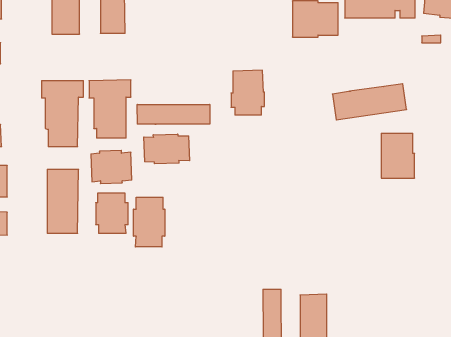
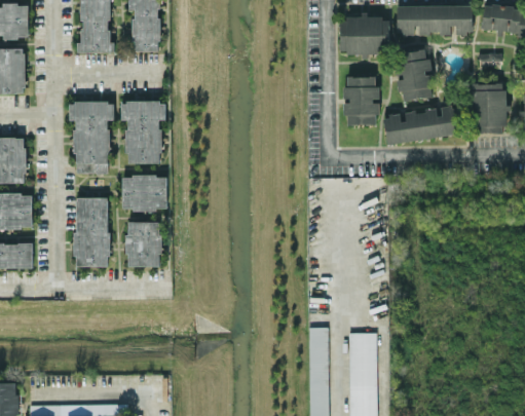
building: none -> [395,49,433,101]
building: [231,70,264,115] -> [343,76,379,124]
building: [137,104,210,124] -> none
building: [381,133,415,178] -> [471,83,507,131]
building: [144,134,189,164] -> none
building: [134,197,165,247] -> none

